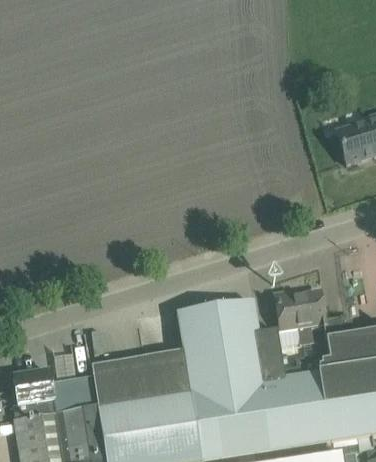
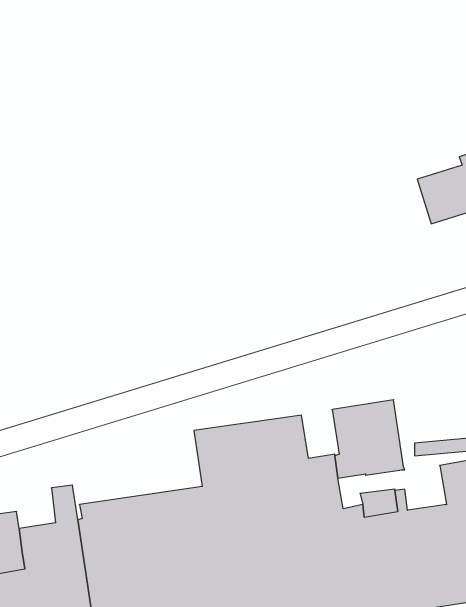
building: [325,335,357,369] -> none

